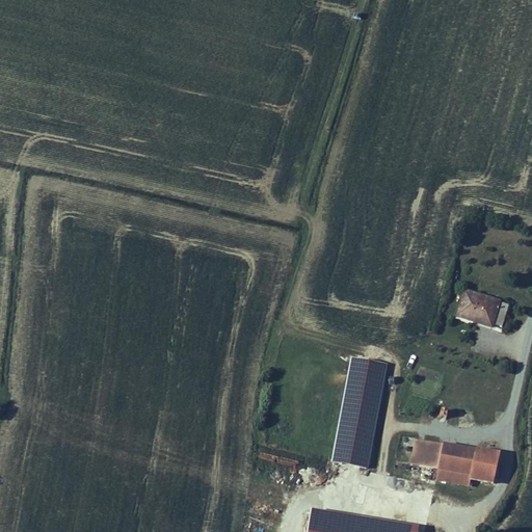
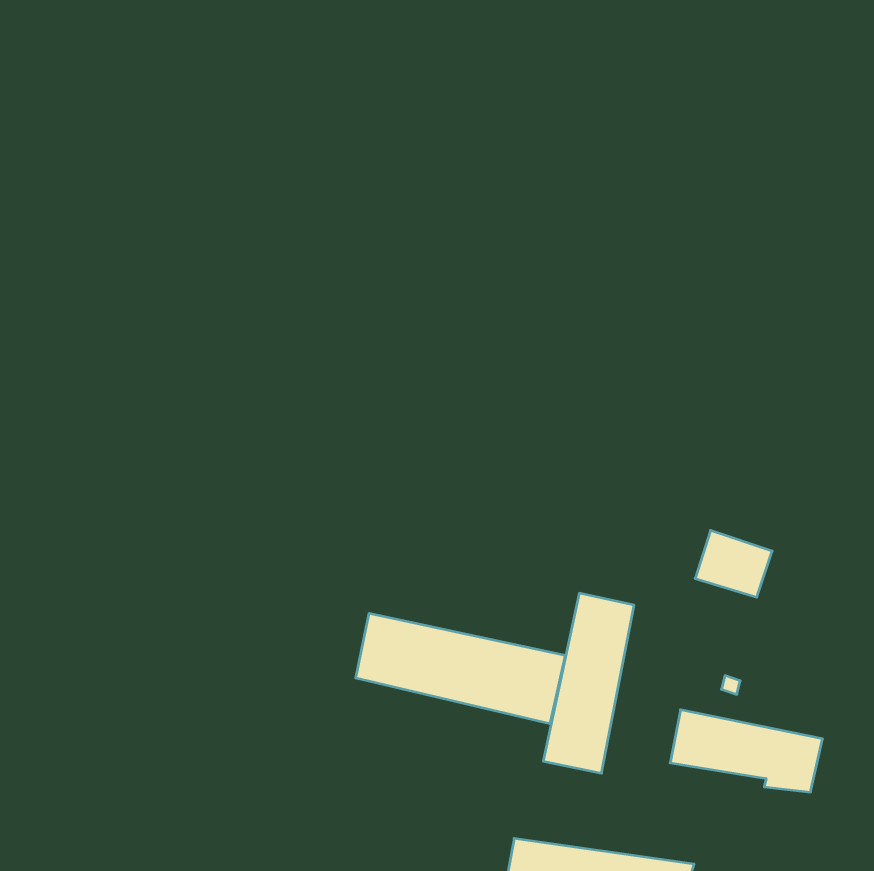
building: [454,289,501,329] -> [695,530,772,597]
building: none -> [356,613,565,724]

